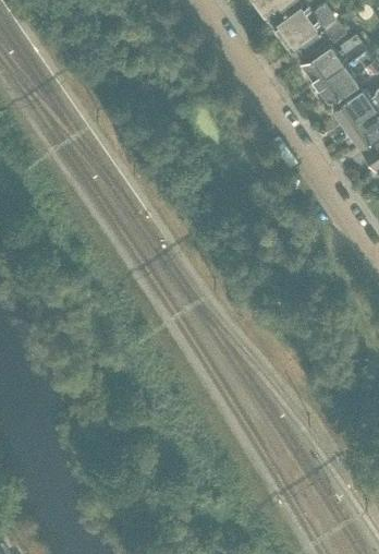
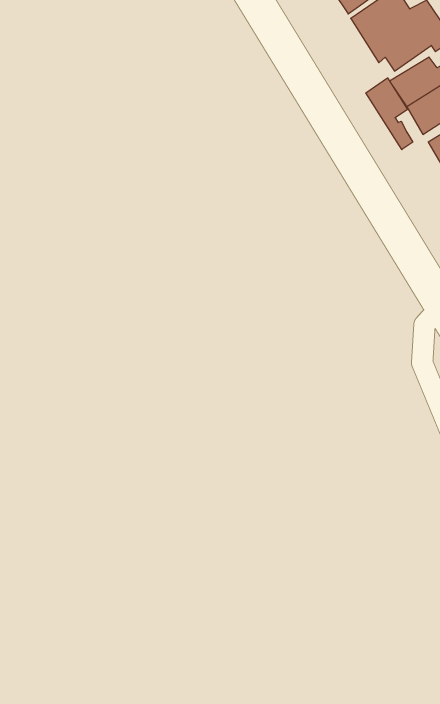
building: none -> [366,78,413,150]

